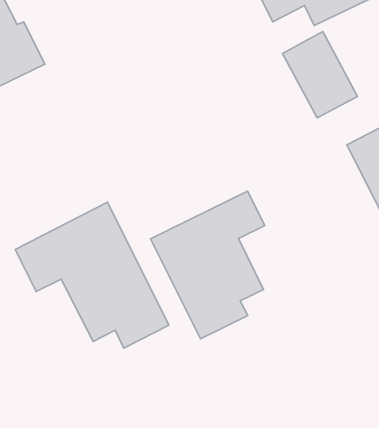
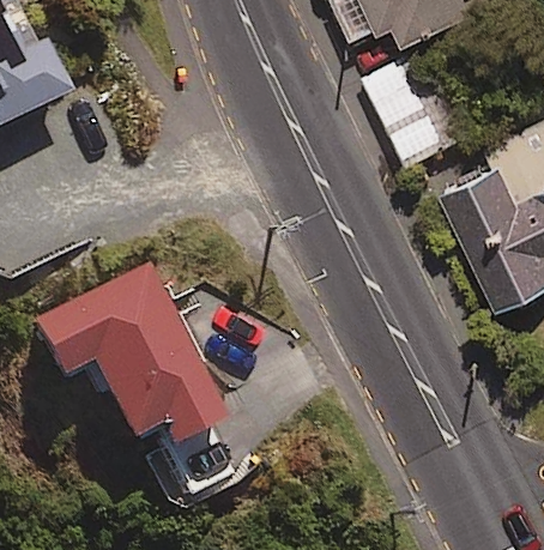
building: [150,191,265,339] -> none

